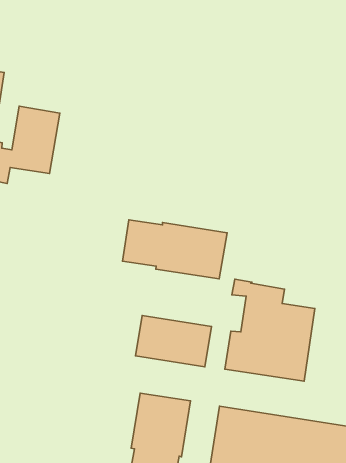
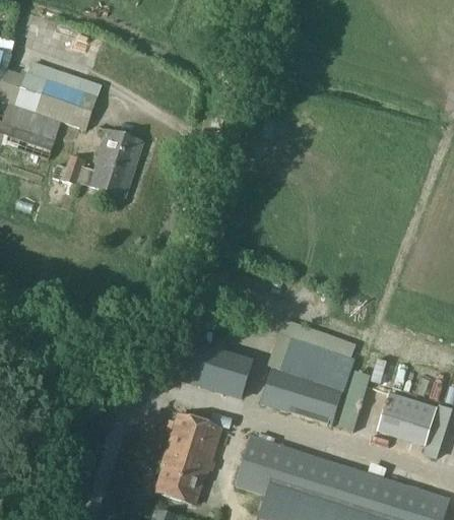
building: [122,220,227,279] -> none
building: none -> [338,370,371,431]

